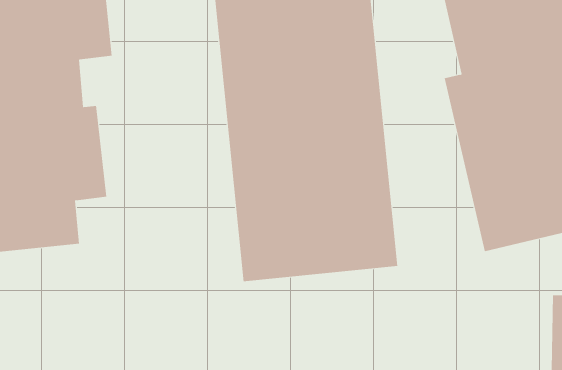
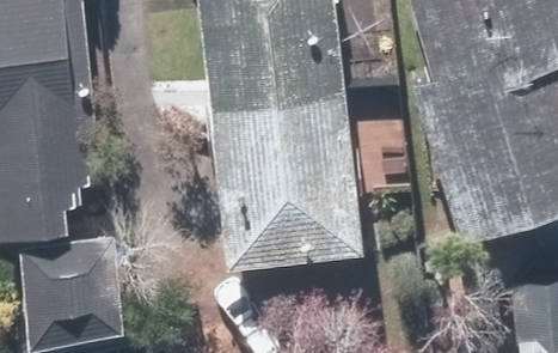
building: none -> [24,242,131,345]

